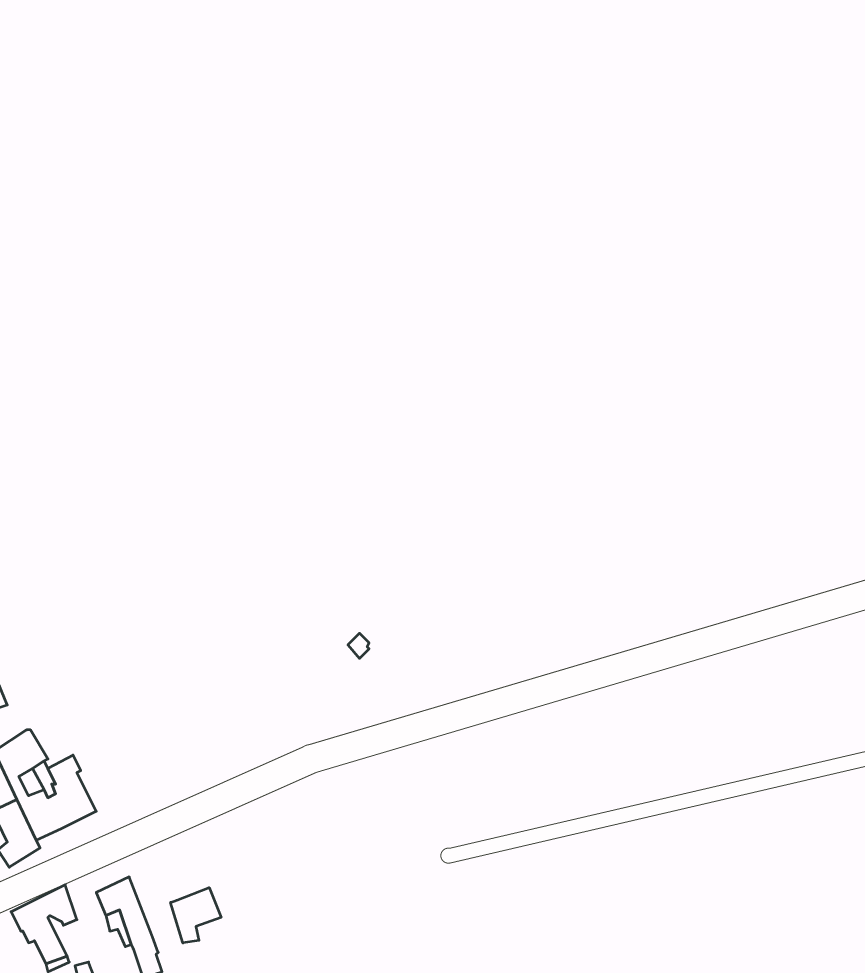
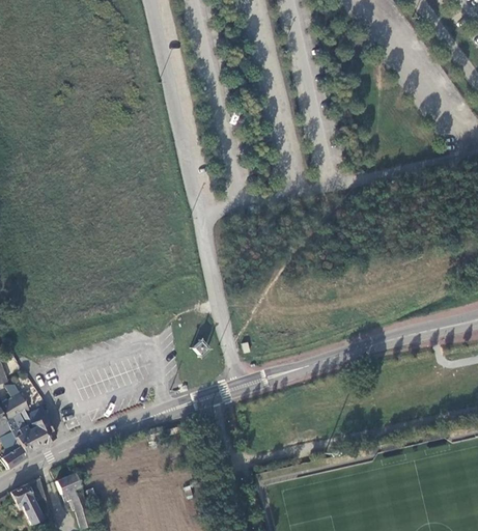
building: [171,888,221,943] -> none

